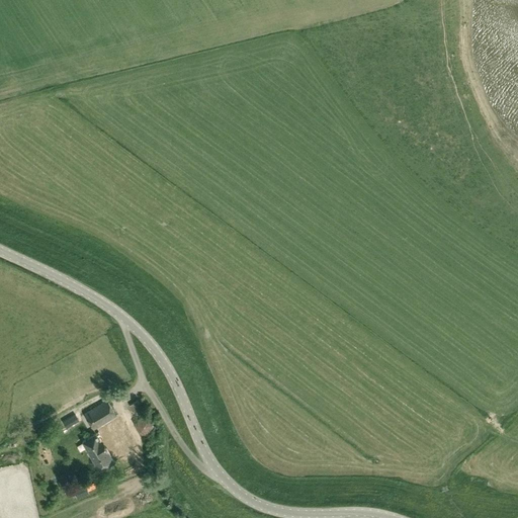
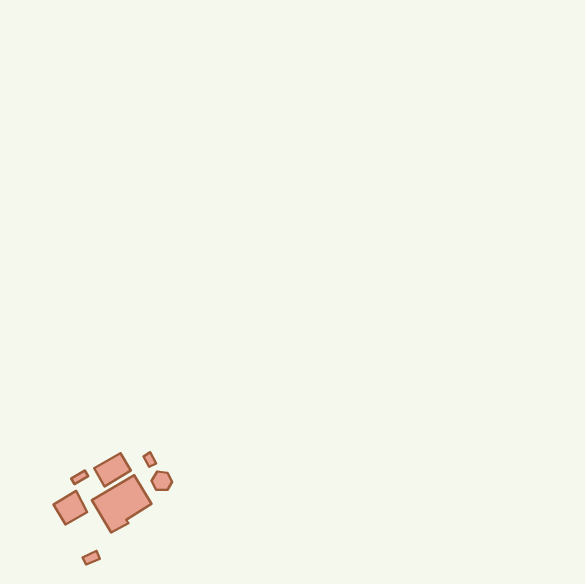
building: none -> [54,491,87,525]

